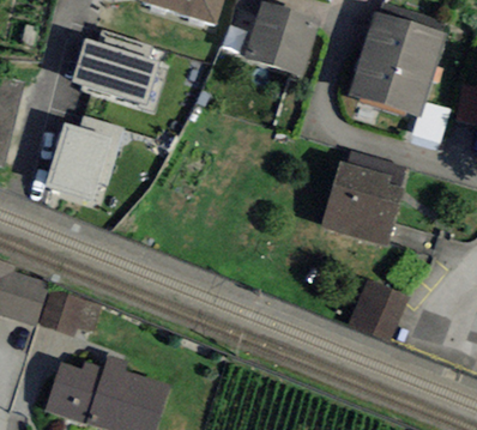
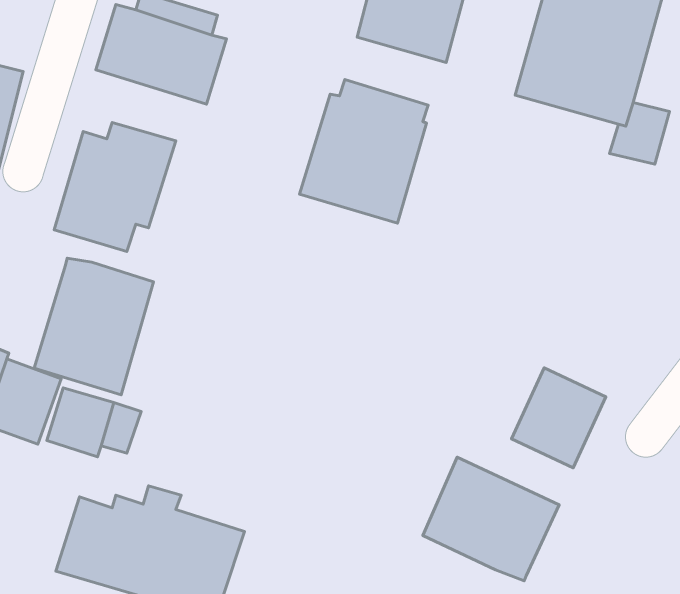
building: [319,151,404,246] -> [299,80,428,223]
building: none -> [34,258,154,395]
building: none -> [423,457,559,581]

